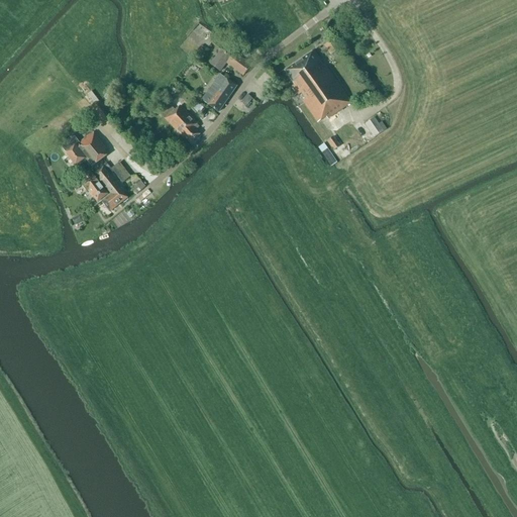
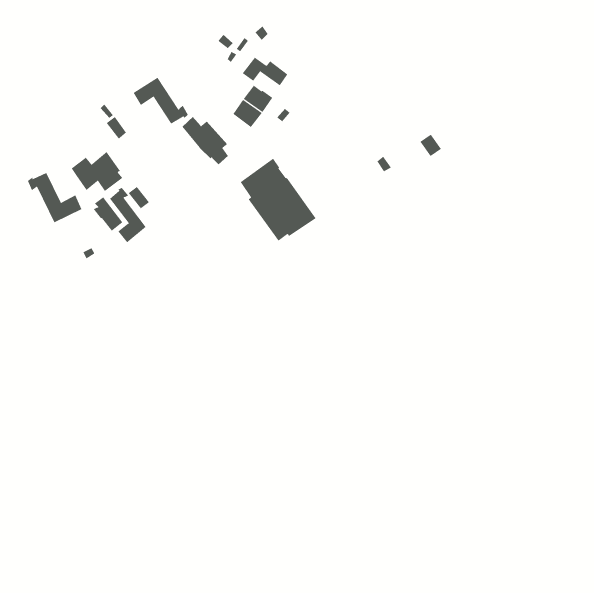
building: [285,49,351,122] -> [240,158,316,242]
building: none -> [133,77,188,125]
building: none -> [27,172,82,223]

